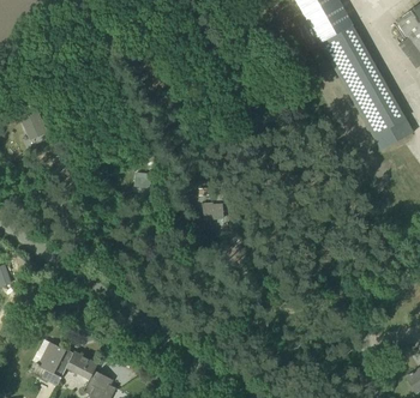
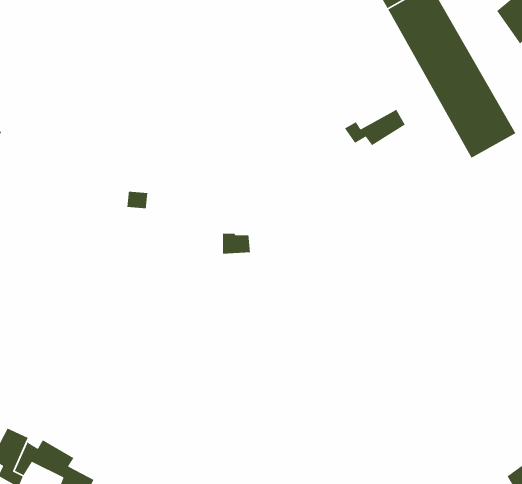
building: none -> [344,109,406,146]

